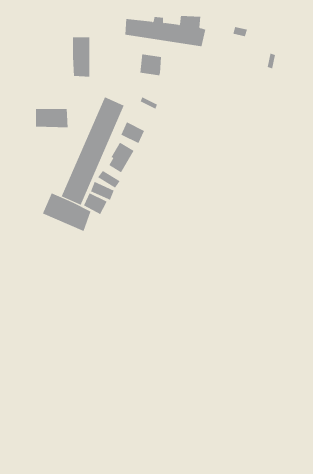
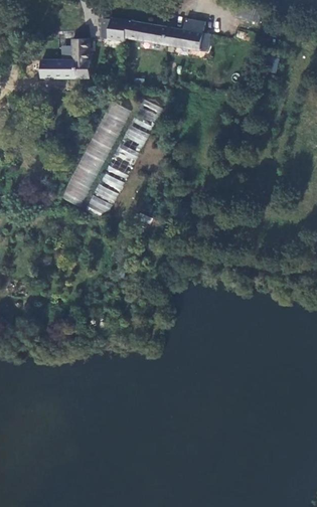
building: [140,54,162,76] -> [105,19,127,41]
building: [35,109,69,128] -> [41,60,74,79]
building: [42,192,91,232] -> none

